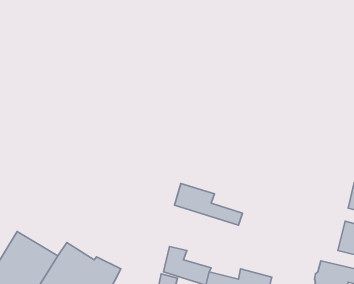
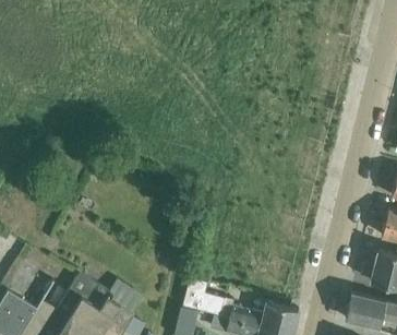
building: [174,184,243,225] -> none

